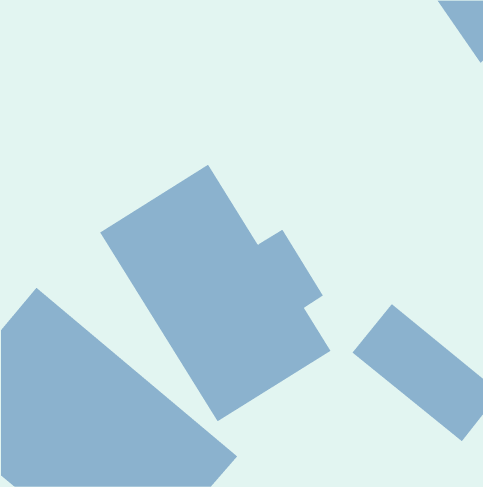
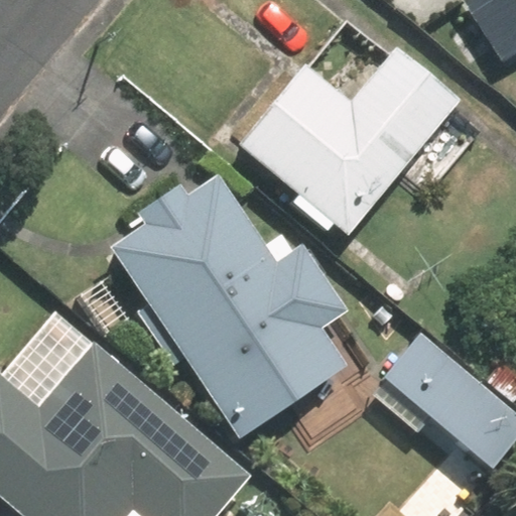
building: none -> [238,49,458,237]

